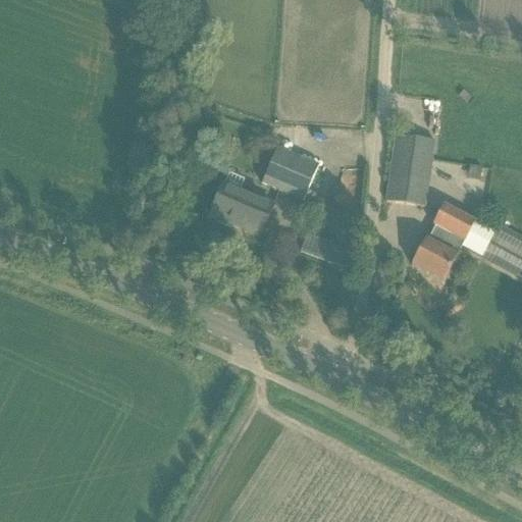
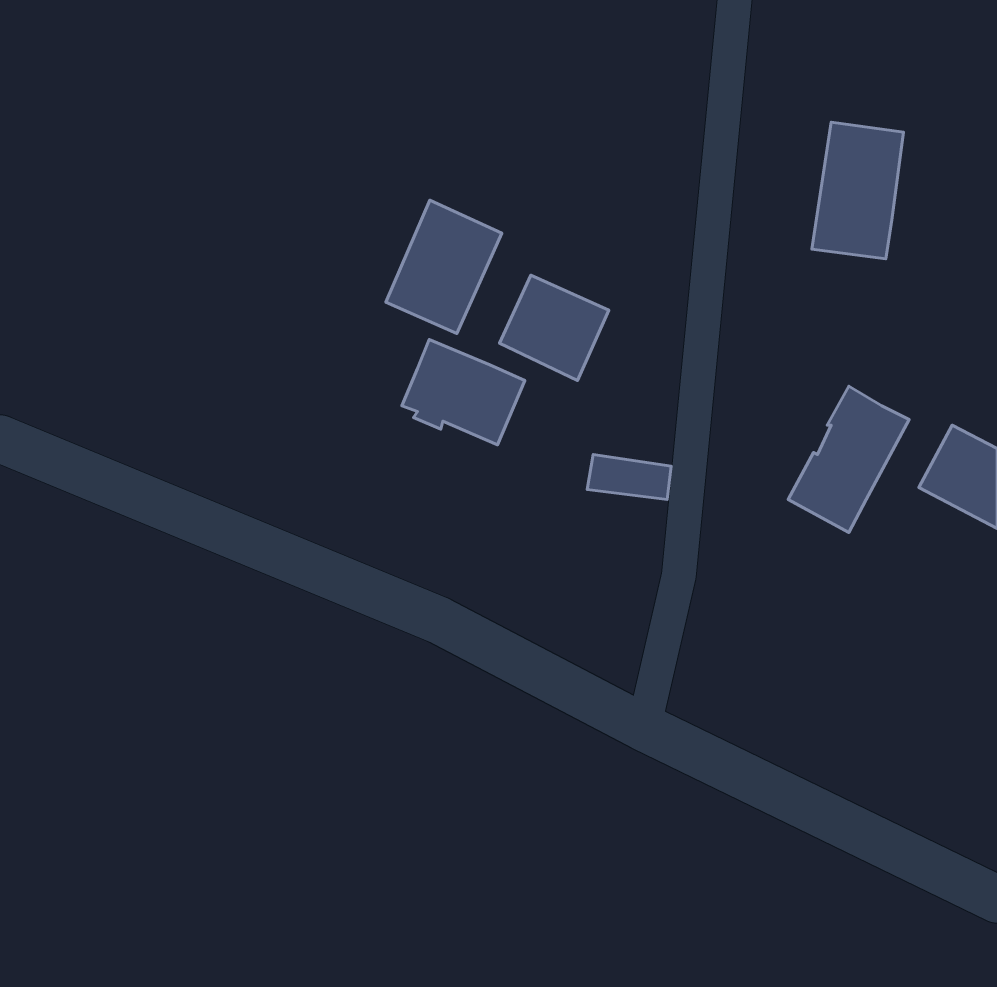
building: none -> [386,200,502,333]
building: [385,133,433,204] -> [812,122,903,259]

